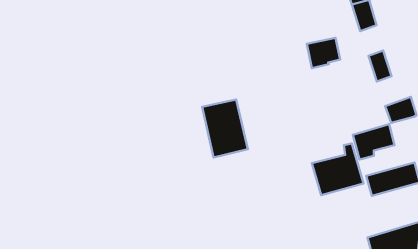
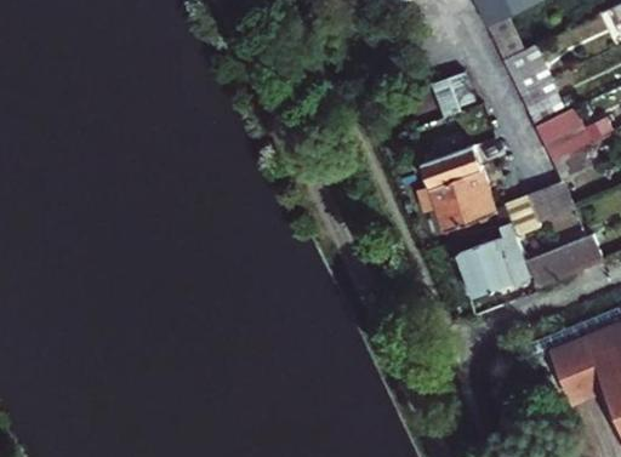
building: none -> [503,48,551,96]
building: none -> [535,112,587,162]
building: [202,100,248,157] -> [426,150,496,234]

